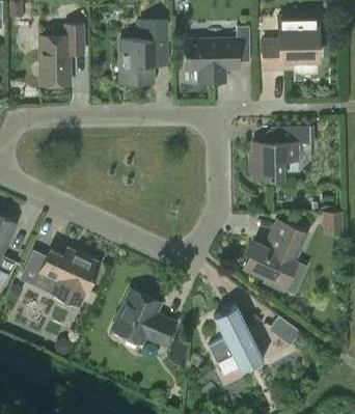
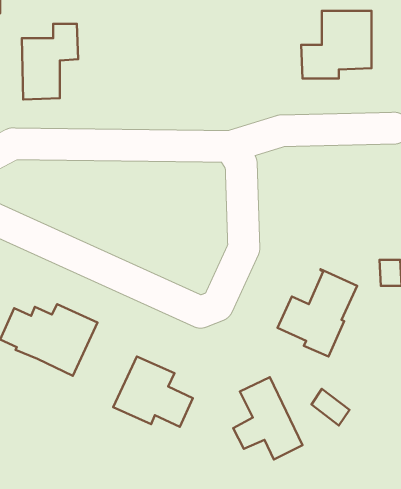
building: [120,21,166,84] -> none
building: [185,26,250,82] -> none
building: [249,127,313,178] -> none

